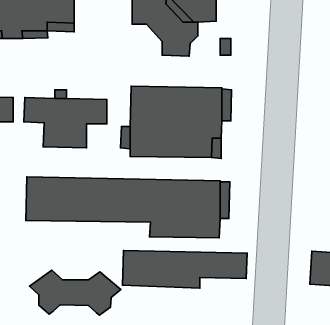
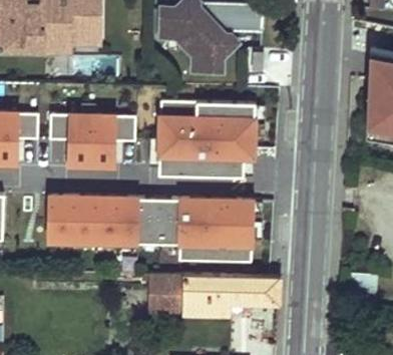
building: [29,270,121,315] -> none

